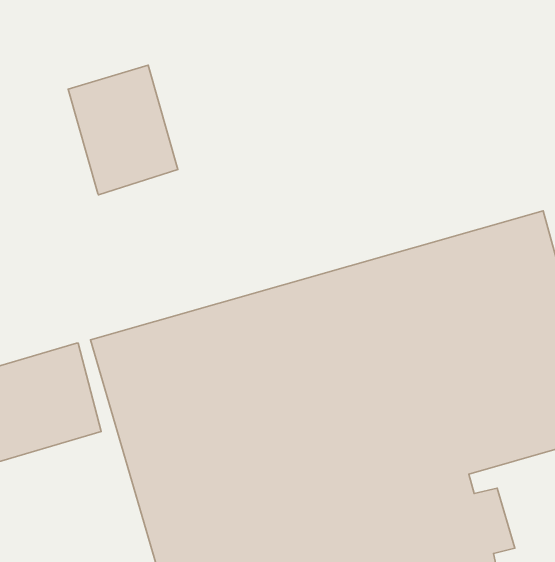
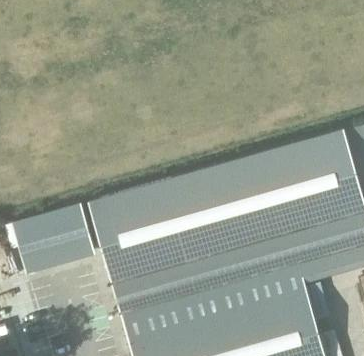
building: [68,65,178,195] -> none

